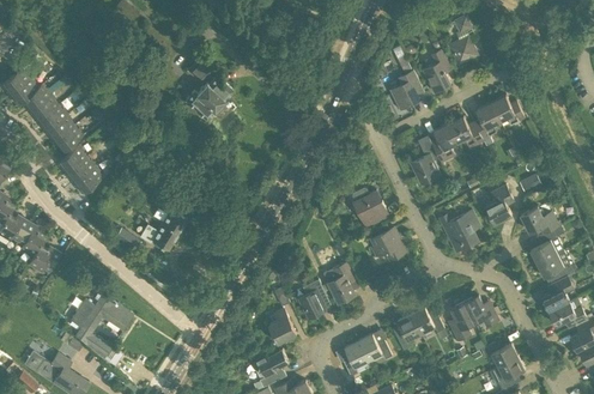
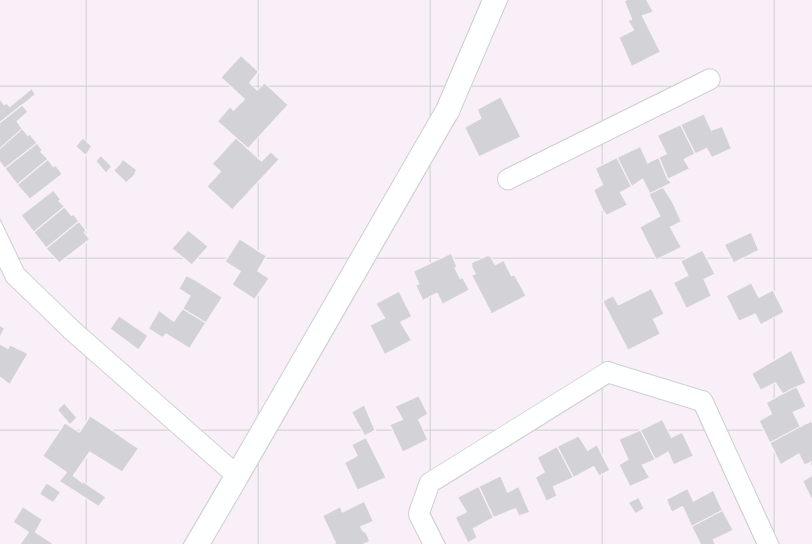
building: [422,49,451,92] -> none
building: [389,71,426,110] -> [464,97,521,157]
building: none -> [207,138,279,210]
building: [411,137,438,184] -> [640,187,682,260]
building: none -> [225,239,269,300]
building: [529,225,564,267] -> none
building: [368,228,405,261] -> [413,253,470,304]
building: [327,262,354,304] -> [370,291,412,355]

